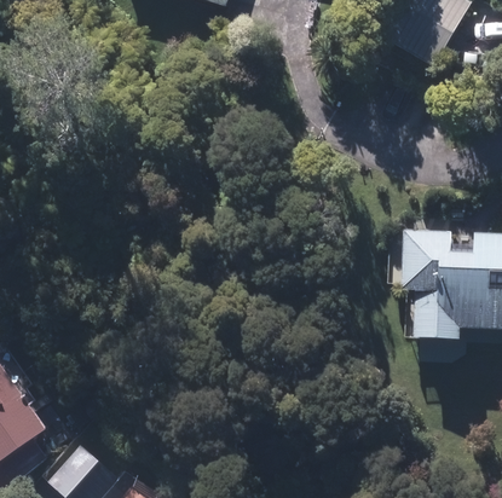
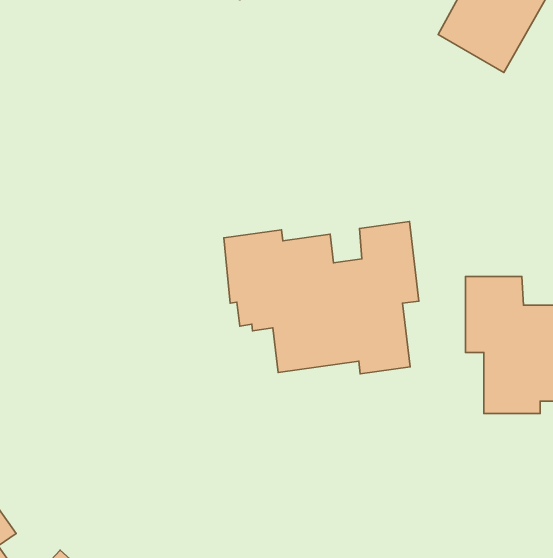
building: none -> [224,222,419,374]

